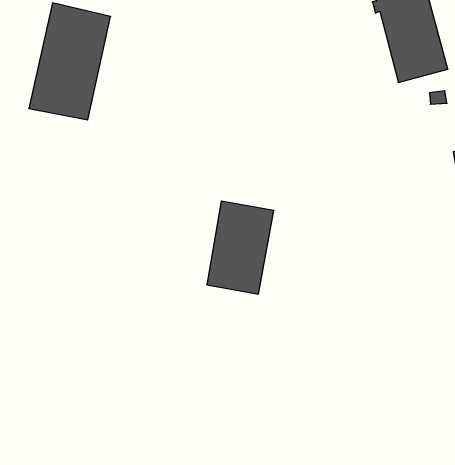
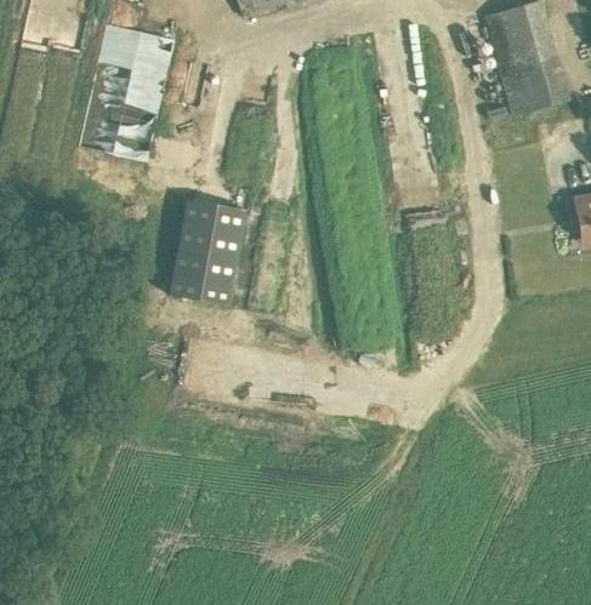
building: [207,201,274,294] -> [167,196,246,306]

